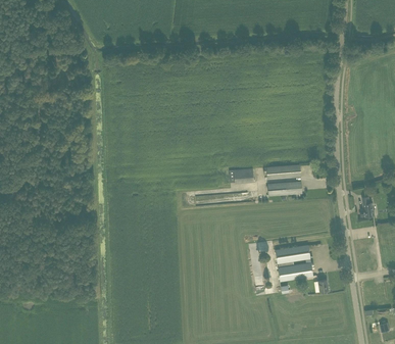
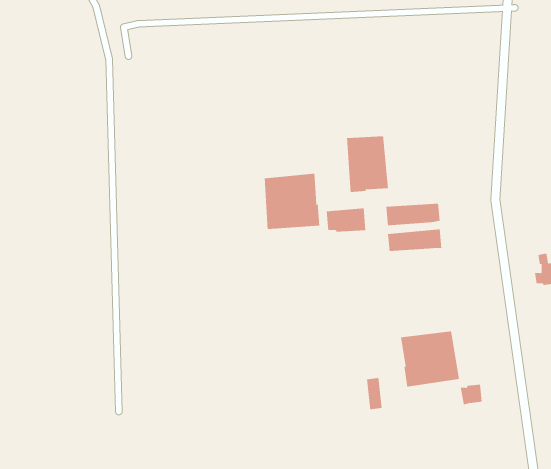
building: none -> [346,136,388,193]
building: none -> [264,173,320,230]

